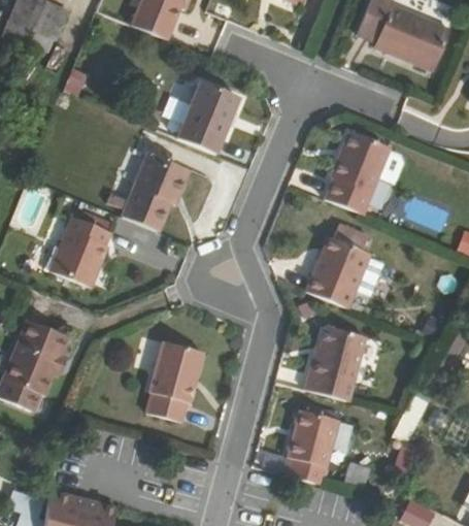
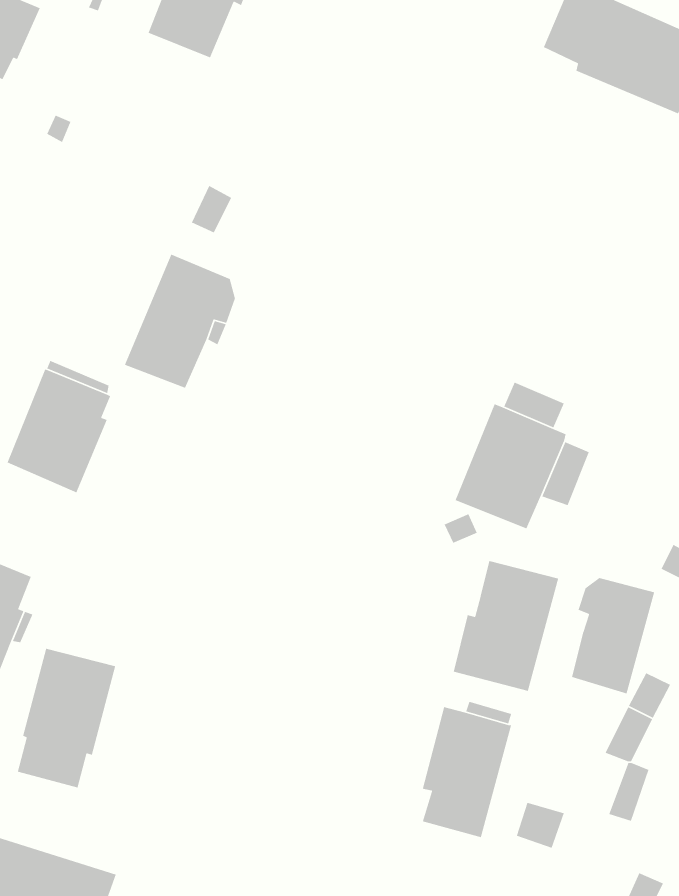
building: [177,75,241,152] -> none
building: [325,131,403,215] -> none
building: none -> [571,577,655,694]
building: [146,341,203,422] -> [17,648,116,788]

